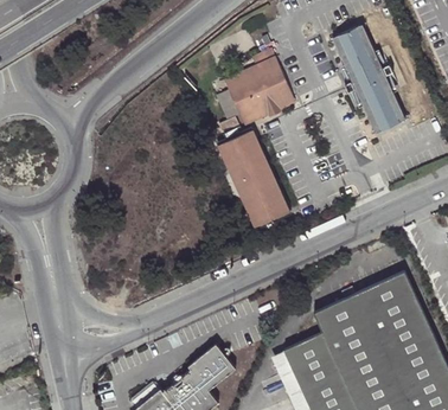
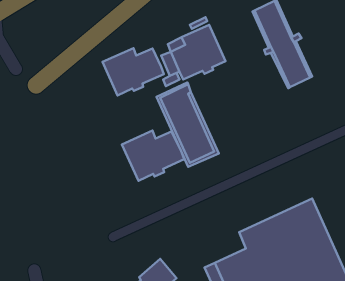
building: none -> [103,48,164,95]
building: none -> [122,131,184,181]

